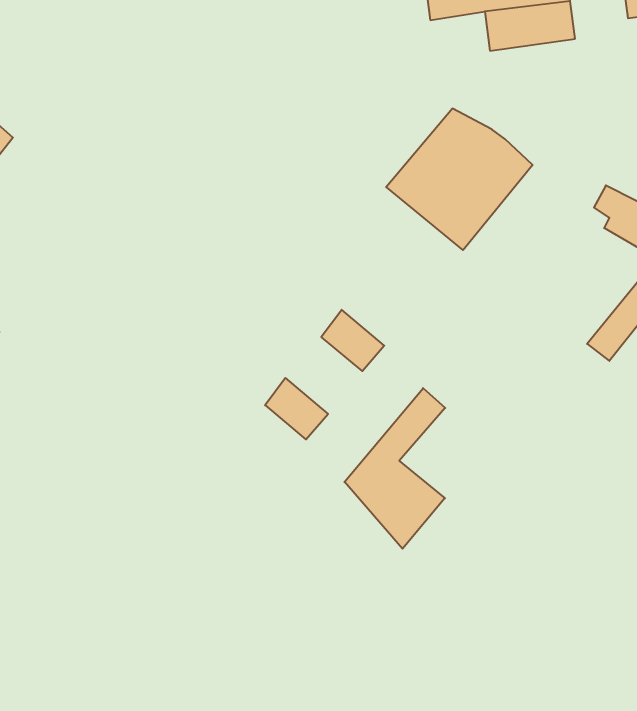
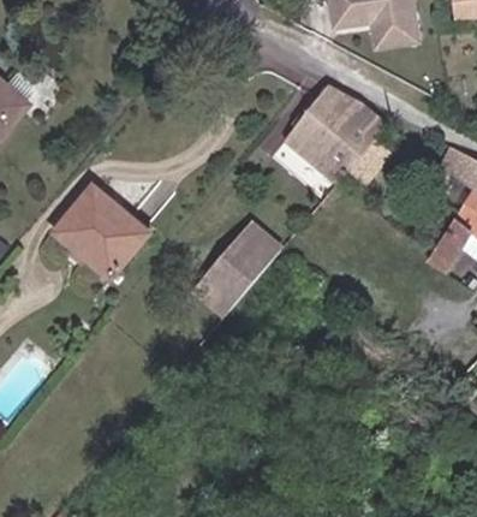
building: none -> [56,185,149,274]
building: none -> [214,246,268,301]
building: [344,388,445,549] -> none

